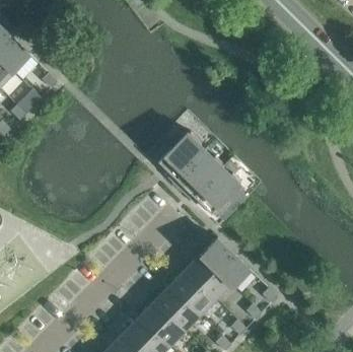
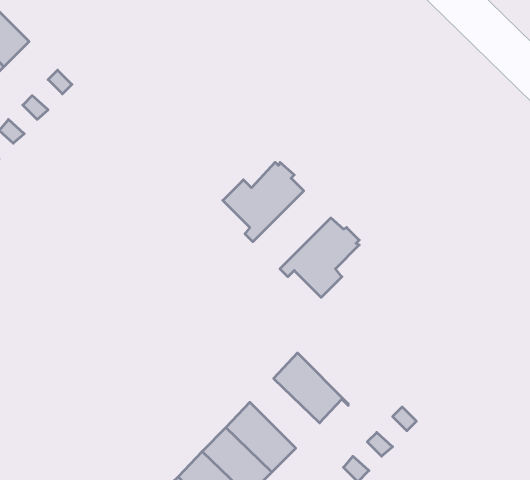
building: [172,150,223,200] -> none
building: [201,237,250,286] -> none
building: [170,270,215,314] -> none

